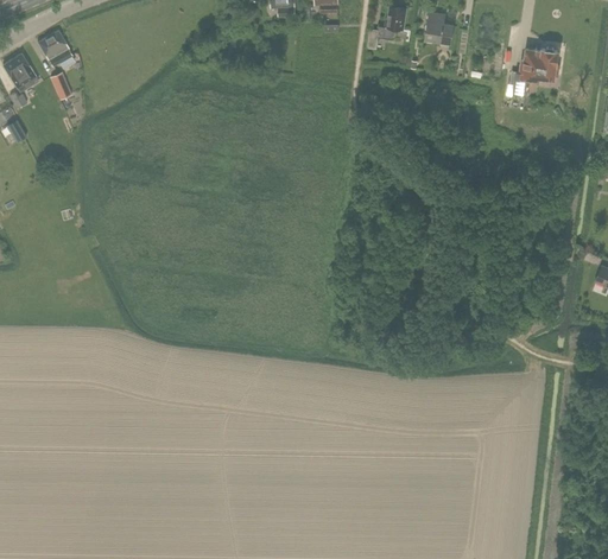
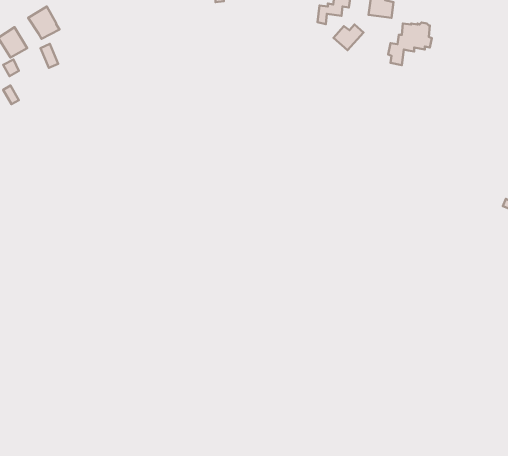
building: [509,46,559,95] -> [388,22,432,65]
building: none -> [333,25,364,50]

